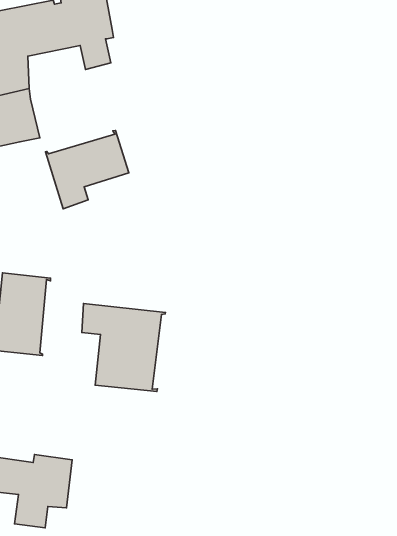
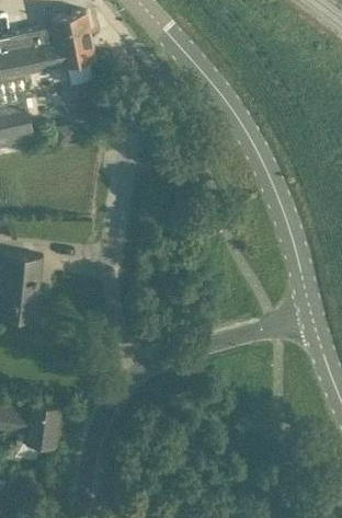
building: [46,130,129,209] -> none
building: [82,303,166,391] -> none

